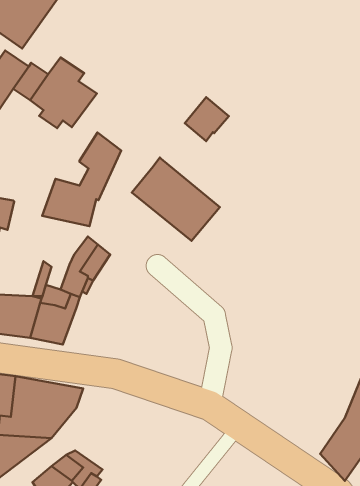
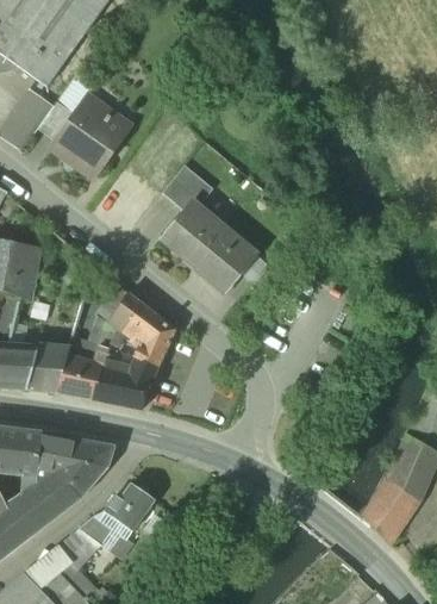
building: [185,97,229,141] -> [164,163,211,210]
building: [42,133,121,226] -> [92,310,175,409]
building: none -> [105,482,155,530]

